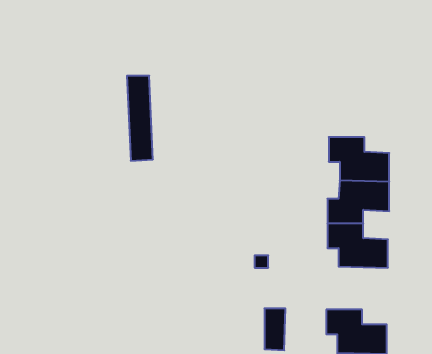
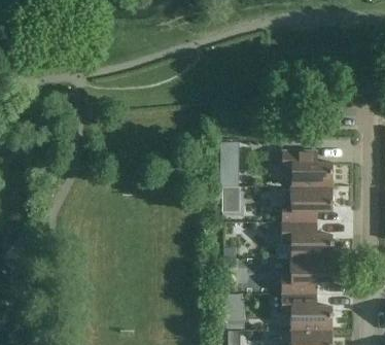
building: [127,76,153,161] -> [223,141,245,212]
building: none -> [281,258,332,295]

